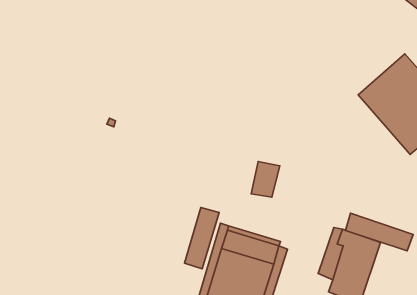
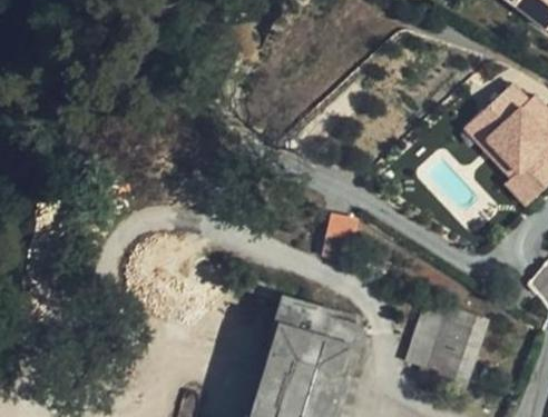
building: [184,208,219,269] -> none
building: [346,213,413,251] -> none

